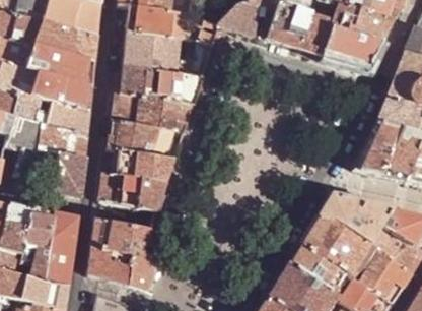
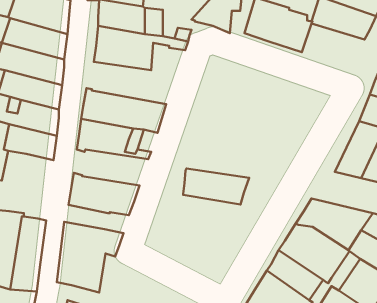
building: [323,26,382,69] -> none
building: [122,63,203,104] -> none
building: [113,147,175,182] -> [183,168,249,204]
building: [52,151,85,195] -> none
building: [129,247,163,290] -> none

